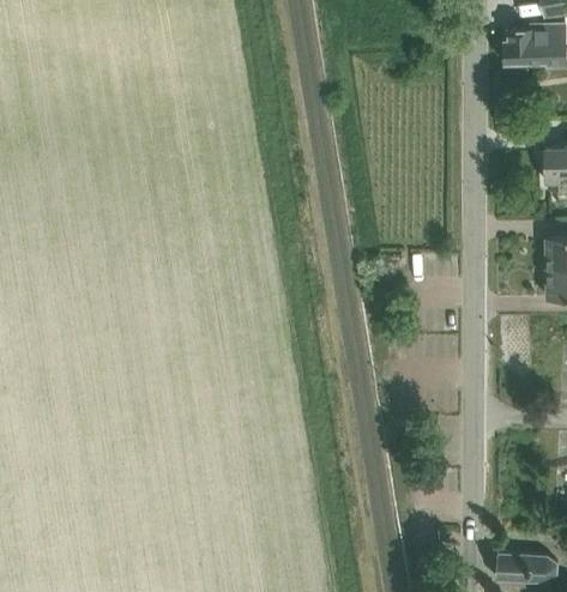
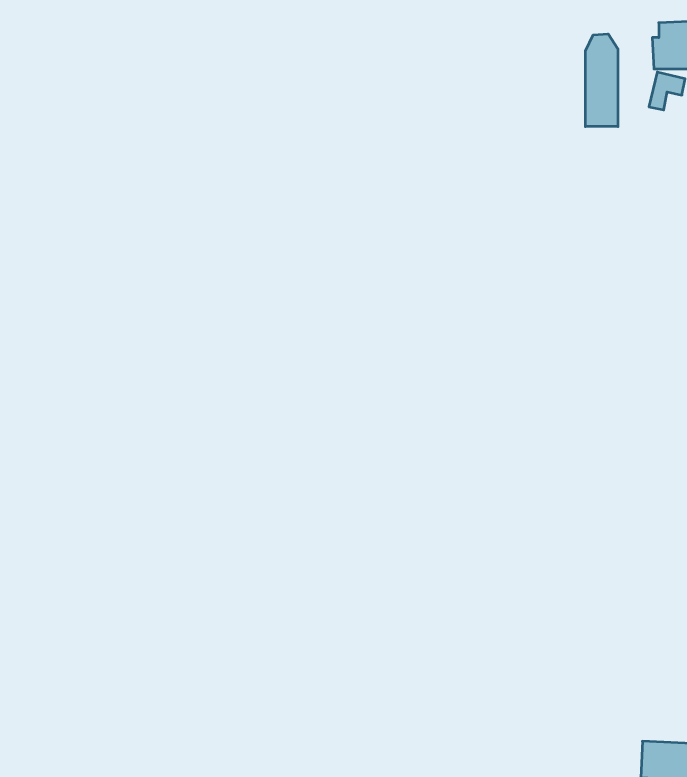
building: none -> [585,34,618,127]

